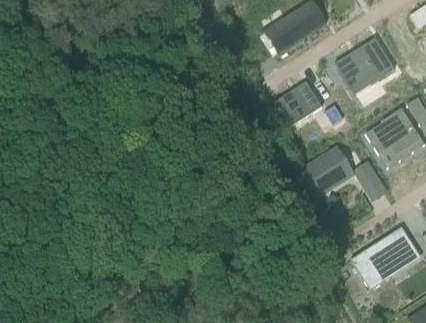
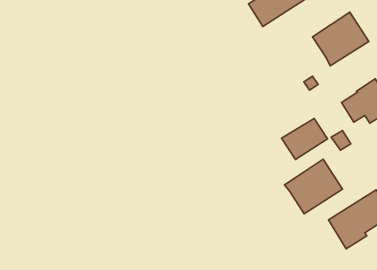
building: [274,81,322,126] -> none
building: none -> [284,159,342,214]

